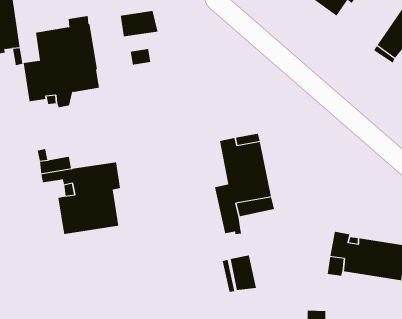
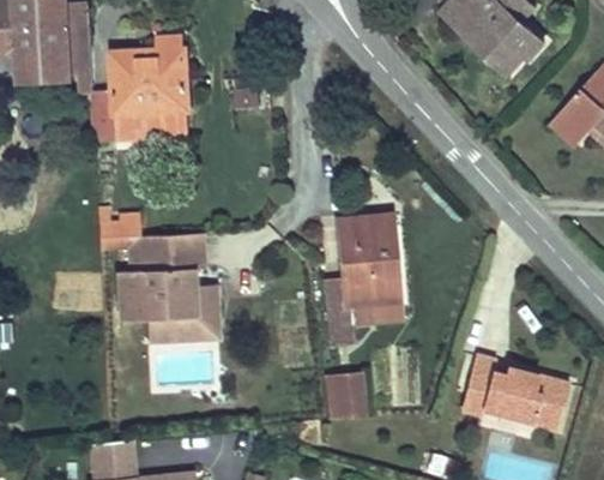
building: [120,10,158,37] -> none
building: none -> [147,284,217,340]

